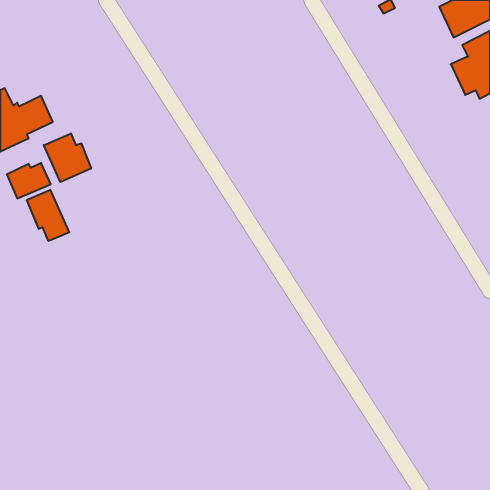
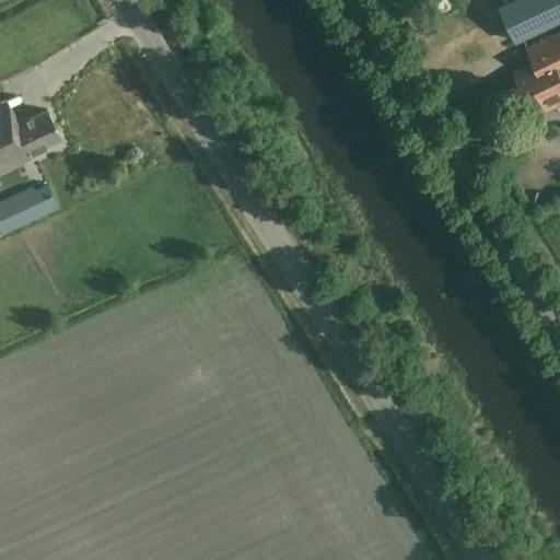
building: [44,133,91,182] -> none
building: [27,190,69,241] -> none

